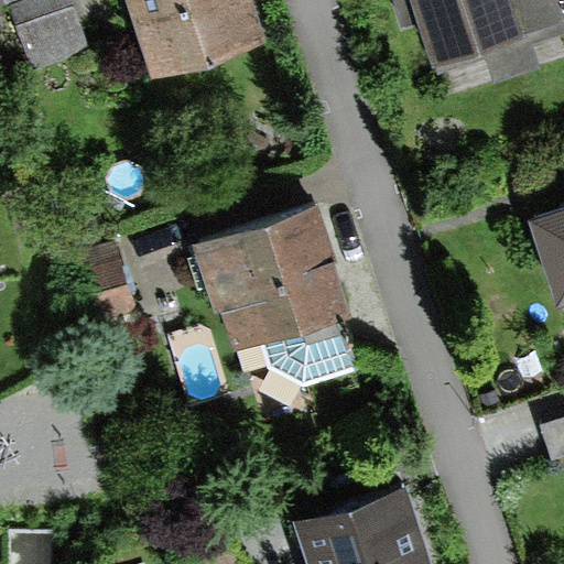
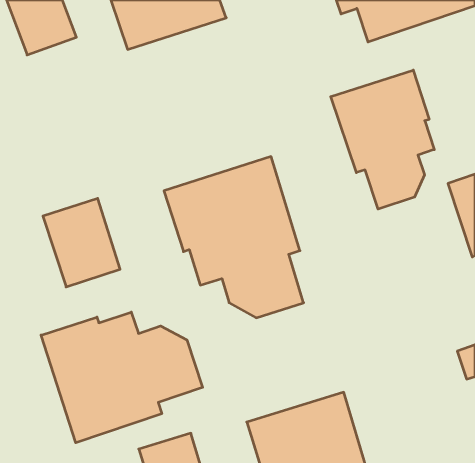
building: none -> [331,70,434,209]
building: none -> [41,312,203,443]

